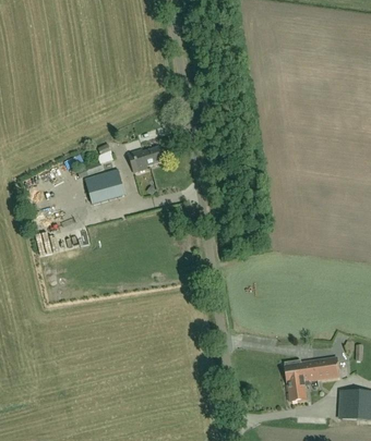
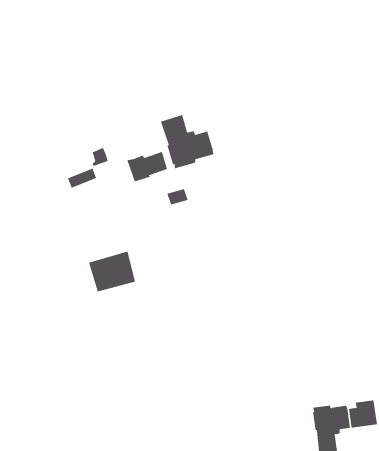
building: none -> [160,114,214,169]
building: [84,168,124,203] -> [88,251,136,292]

